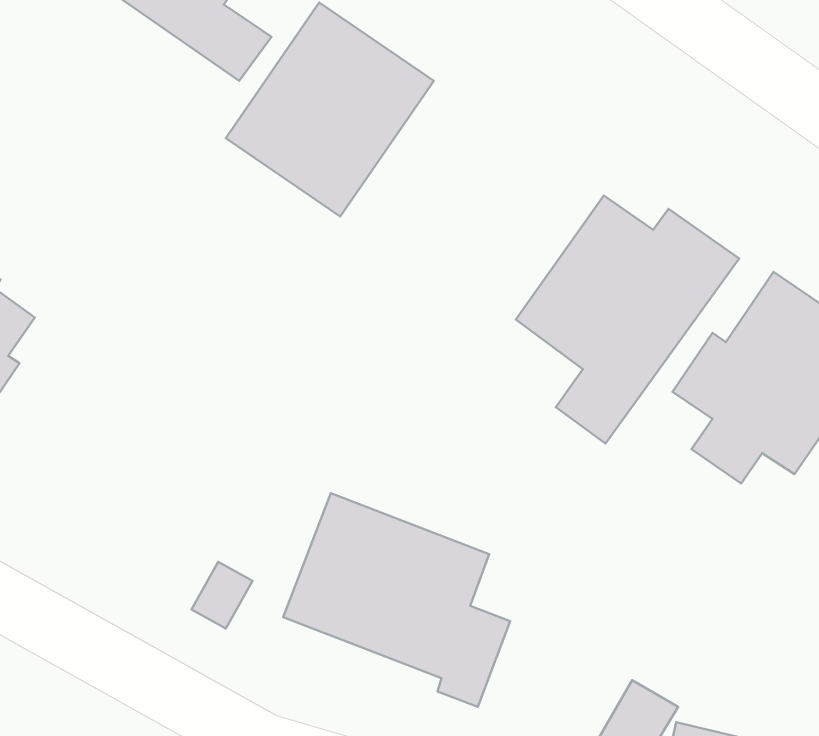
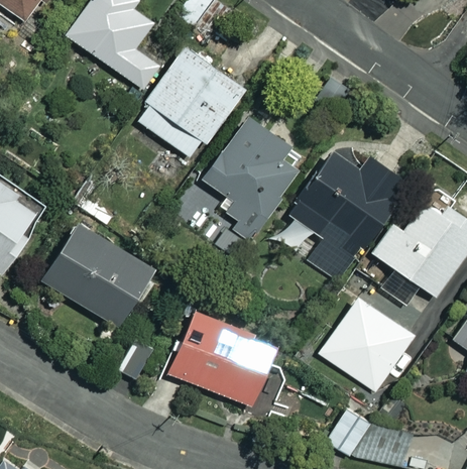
building: none -> [202,113,309,242]
building: none -> [38,219,155,328]
building: none -> [319,297,415,392]

